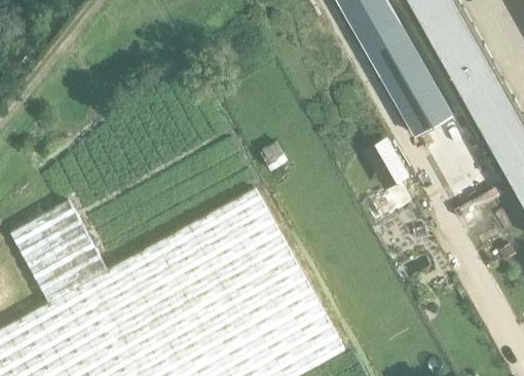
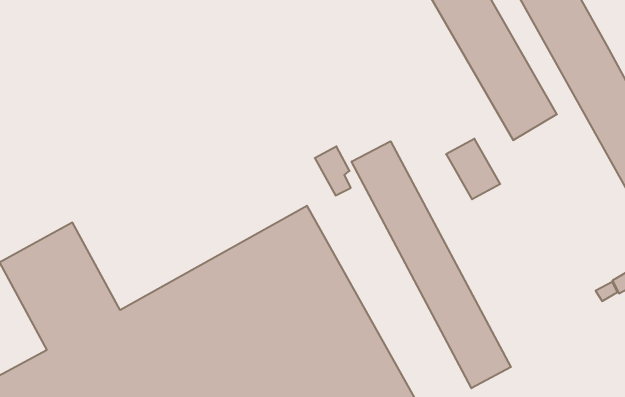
building: none -> [352,141,511,388]

